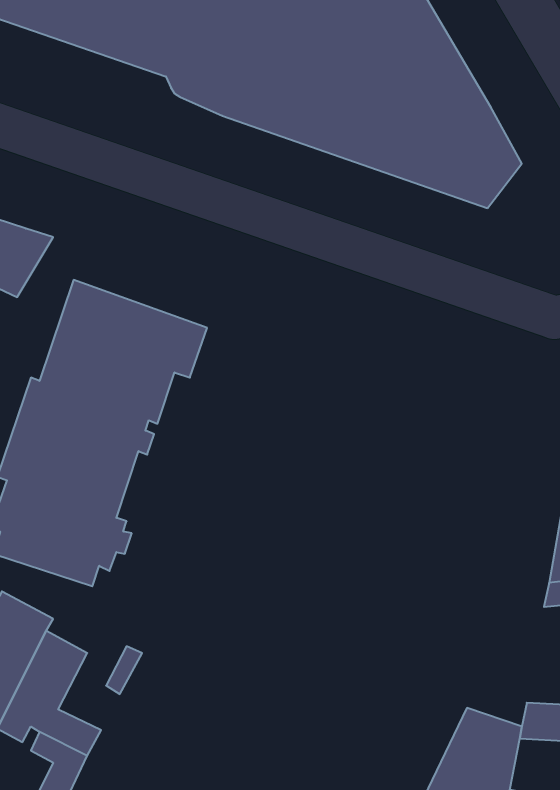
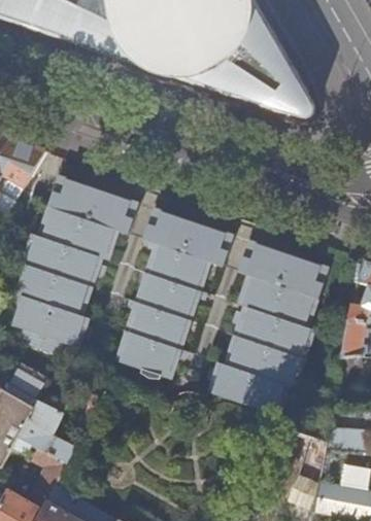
building: none -> [113,209,232,381]
building: none -> [205,241,327,418]

